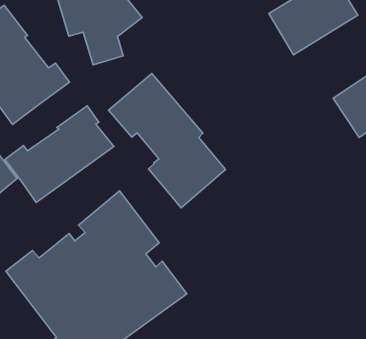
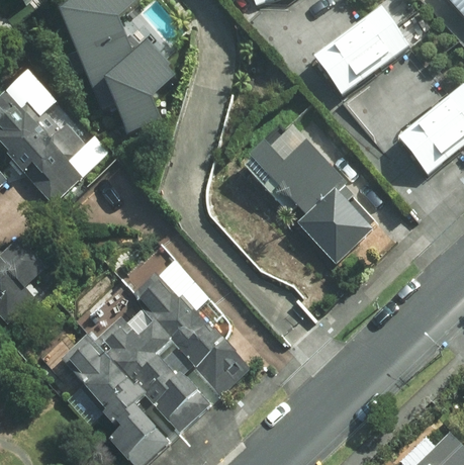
building: [108,73,226,208] -> [243,122,375,264]
building: [5,106,114,202] -> none

